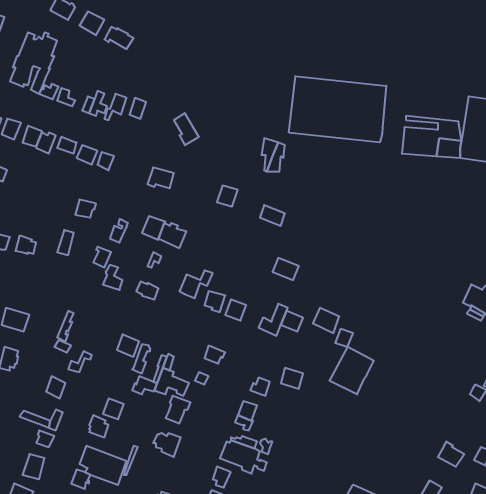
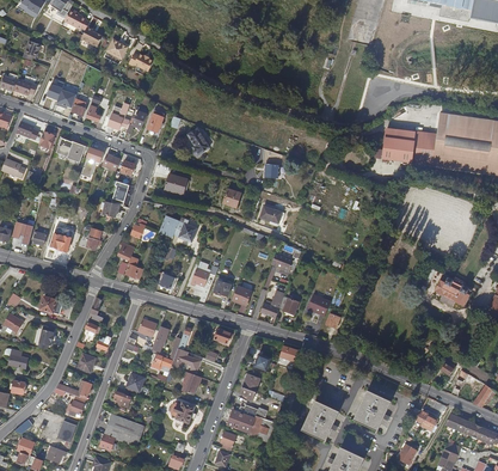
building: [289,76,386,142] -> none
building: [329,347,374,394] -> [353,390,392,430]
building: none -> [302,399,340,440]

